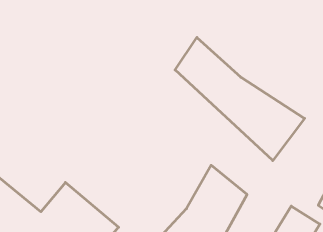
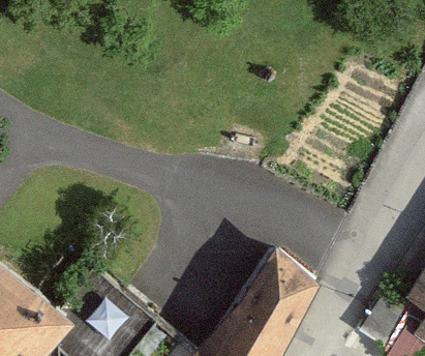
building: [175,37,305,161] -> none

